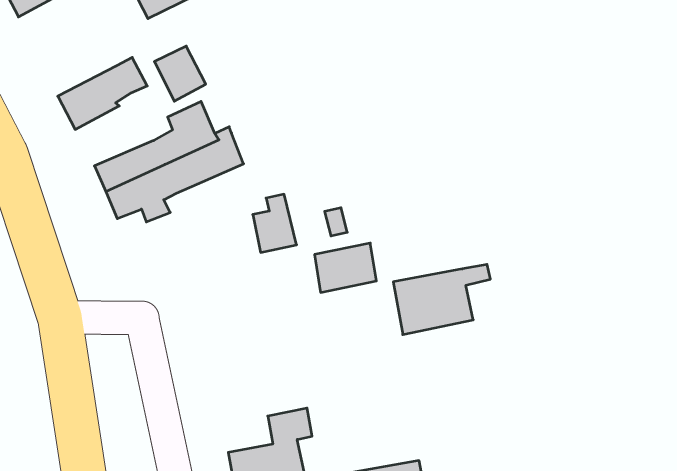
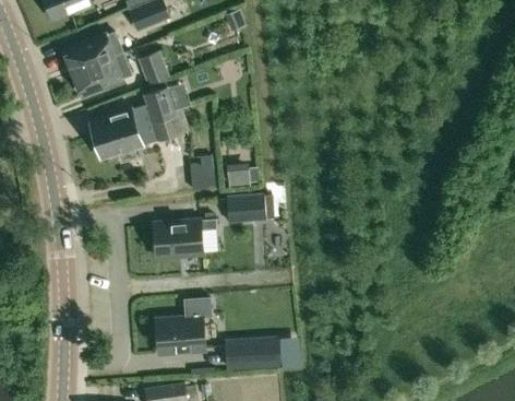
building: none -> [62,32,123,73]
building: [393,264,490,335] -> [154,217,217,257]

